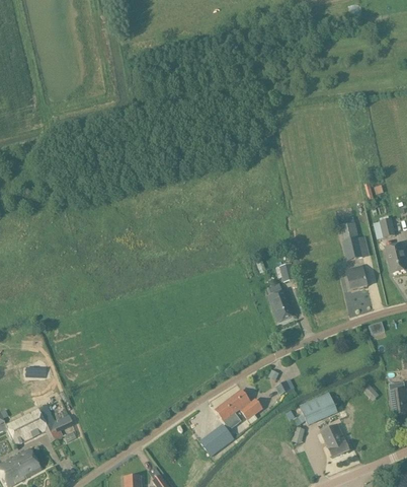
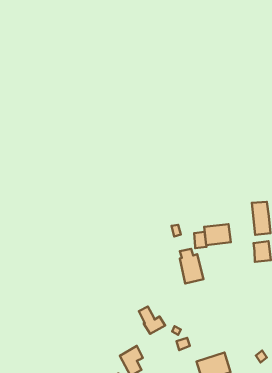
building: none -> [204,224,231,245]
building: [233,390,263,419] -> [139,307,165,334]

